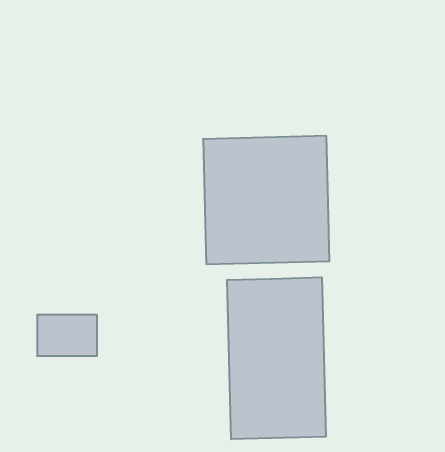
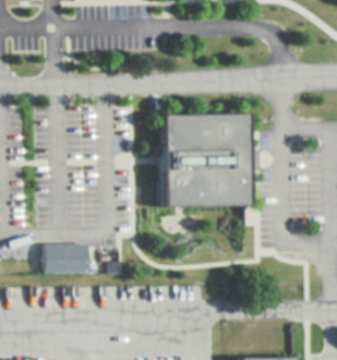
building: [227,277,326,439] -> none

